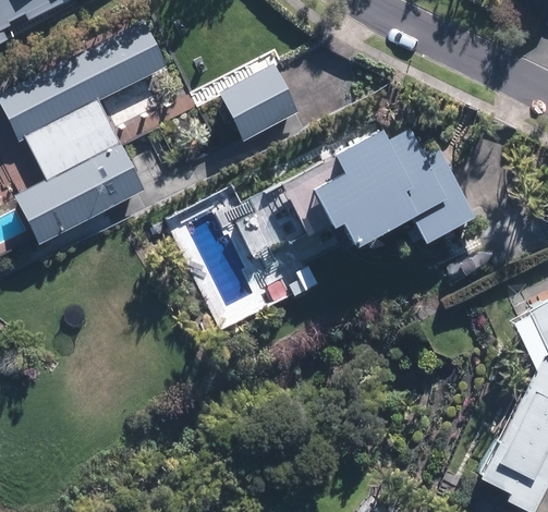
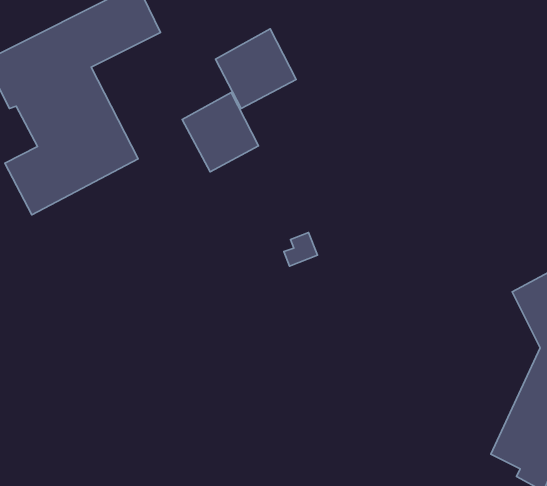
building: none -> [182,93,258,172]
building: [283,129,477,251] -> none

